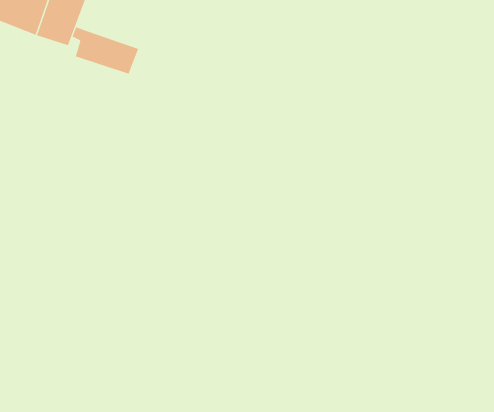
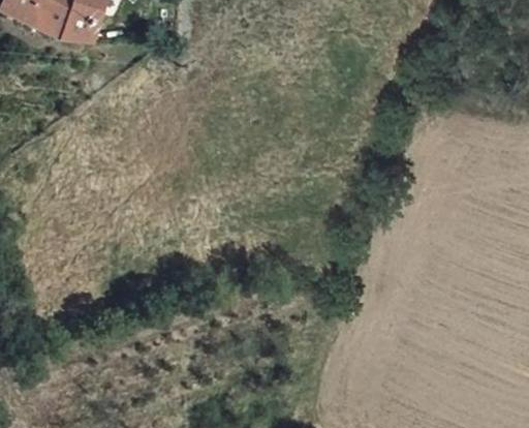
building: [72,27,139,74] -> none

